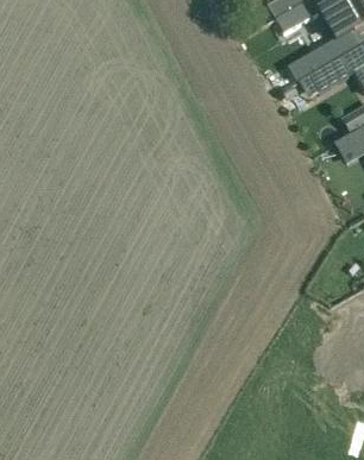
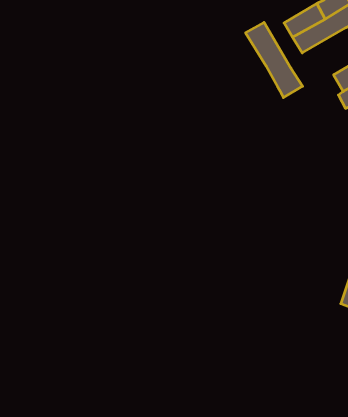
building: none -> [246,22,303,98]

